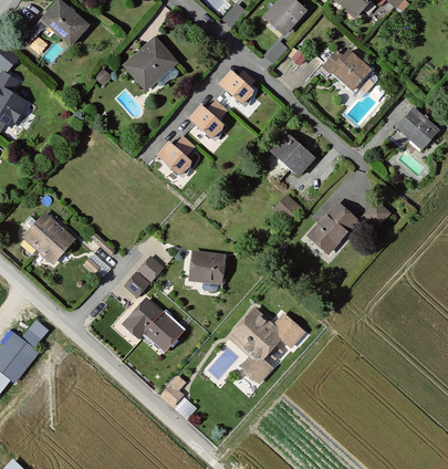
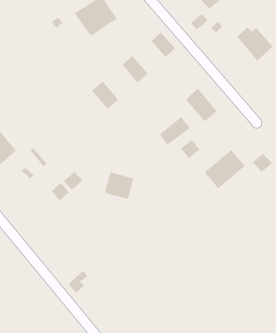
building: none -> [159,116,190,146]
building: [123,298,180,348] -> none
building: [229,309,303,381] -> none

